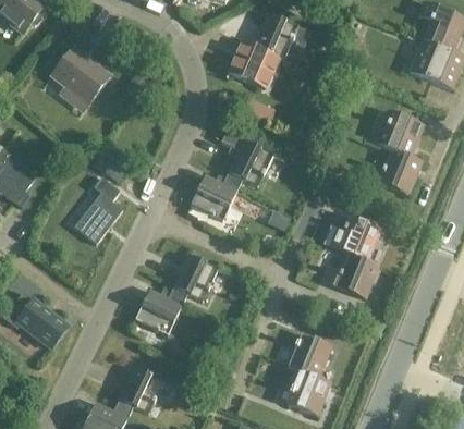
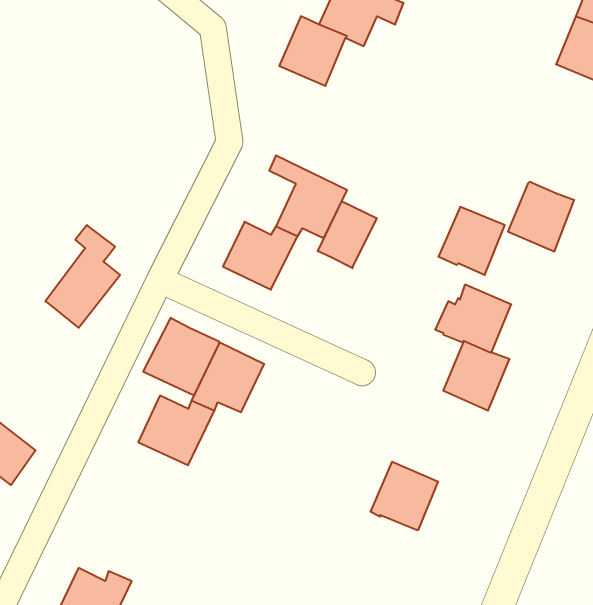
building: [57,47,110,103] -> none
building: [379,111,423,156] -> [438,207,505,275]
building: none -> [318,201,377,268]
building: none -> [143,318,219,395]
building: [115,366,163,413] -> none
building: [286,367,331,415] -> none

